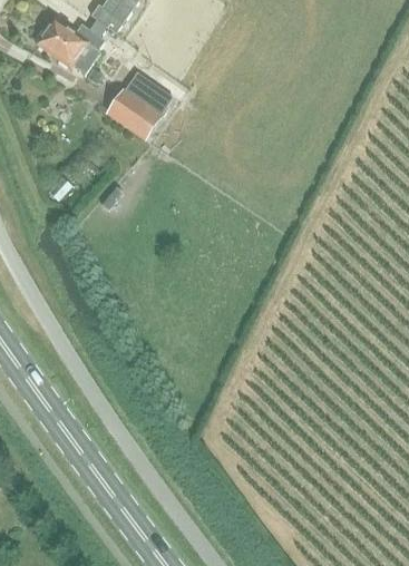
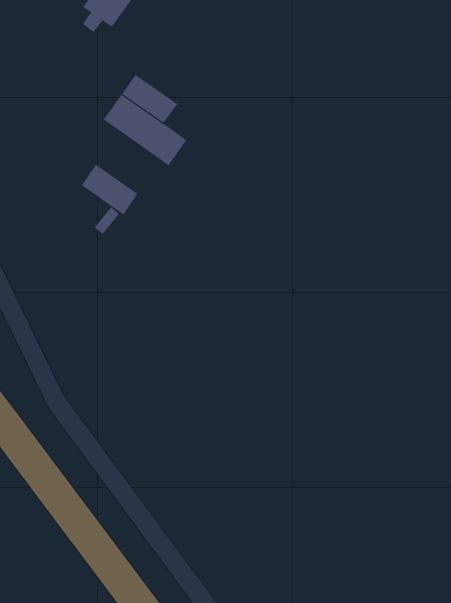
building: [39,20,104,74] -> none
building: none -> [81,164,138,215]

